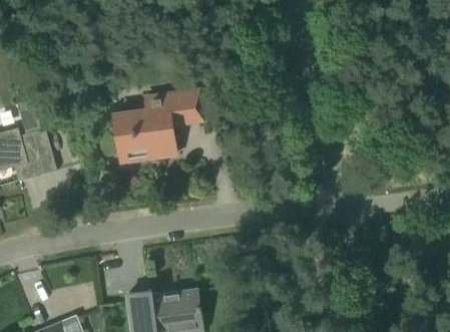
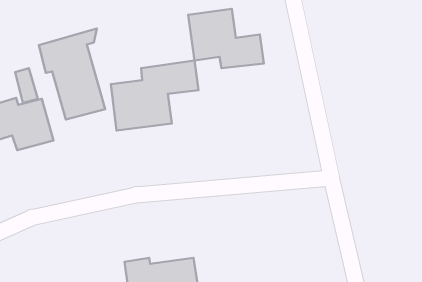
building: none -> [188,9,264,68]
building: none -> [39,29,105,120]

